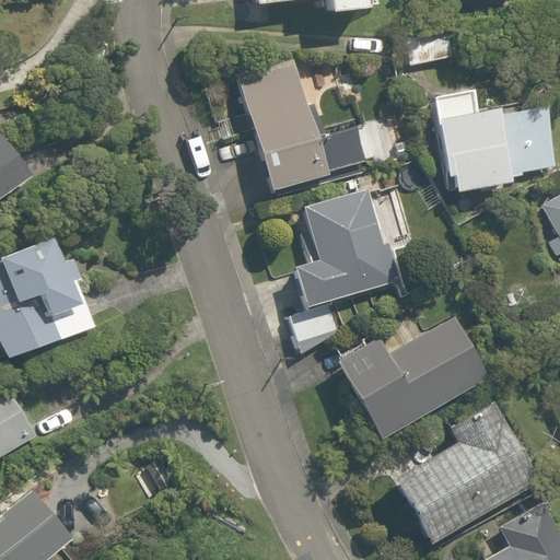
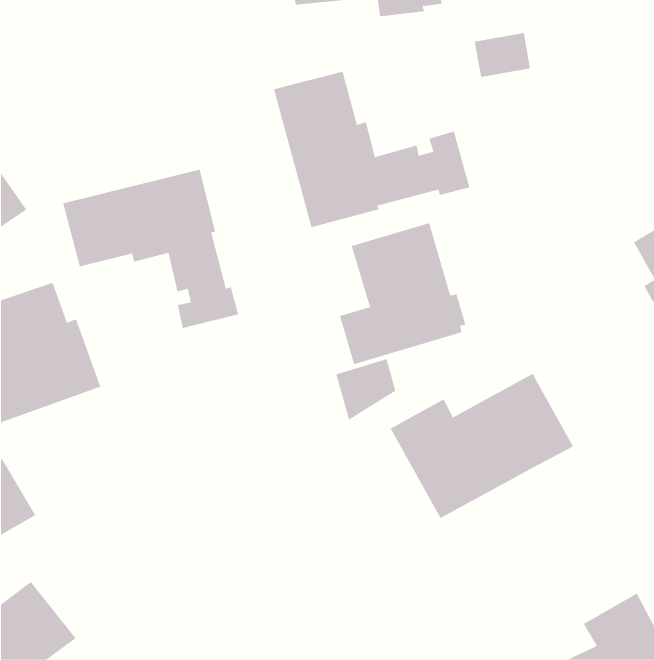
building: [434,93,553,192] -> none
building: none -> [63,169,239,329]
building: [393,401,540,542] -> none

